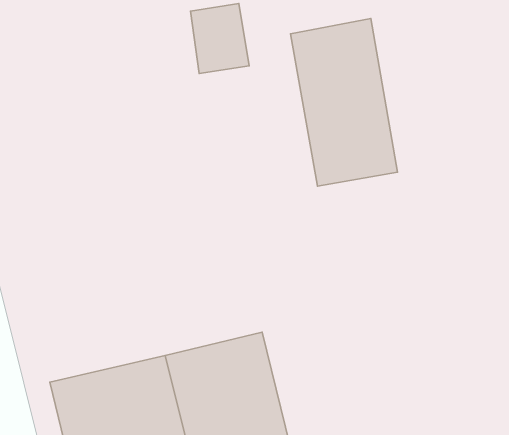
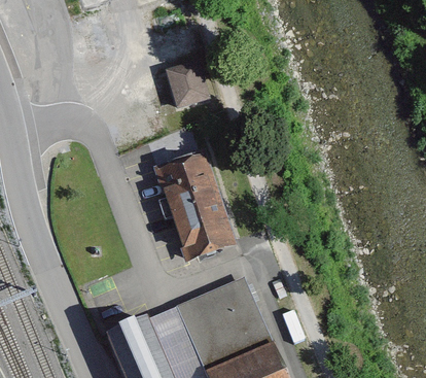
building: [290,19,398,186] -> [158,148,245,267]

